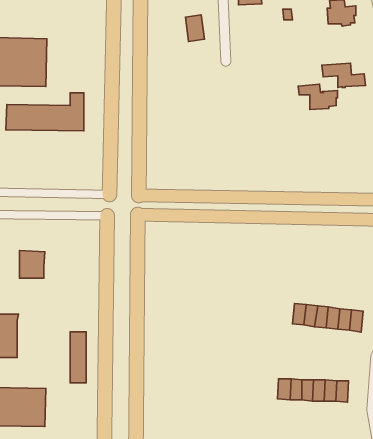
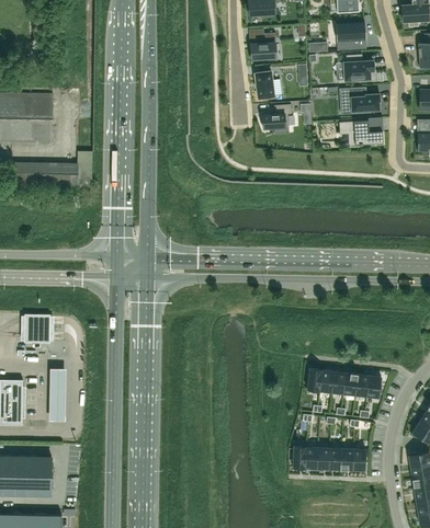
building: [185,15,204,41] -> [254,71,274,99]
building: none -> [262,104,291,129]
building: [298,84,337,110] -> [339,88,380,114]
building: [70,332,86,383] -> [49,371,66,424]

